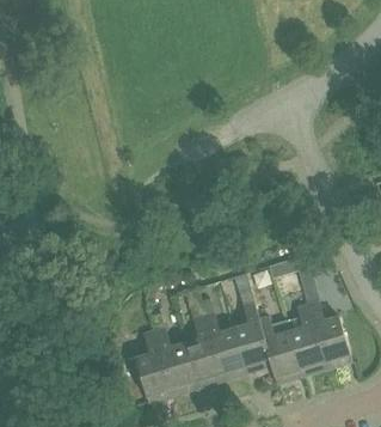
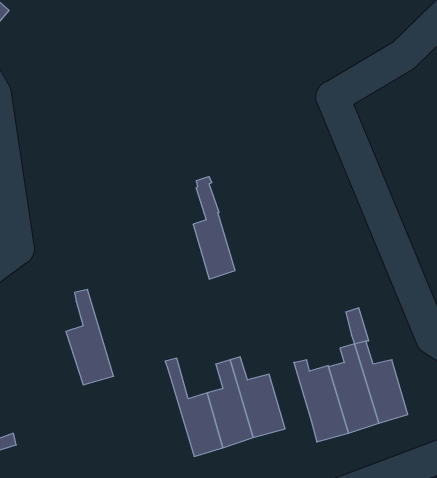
building: [236,287,271,372] -> [193,177,235,279]
building: [135,323,174,402] -> [66,290,114,385]

